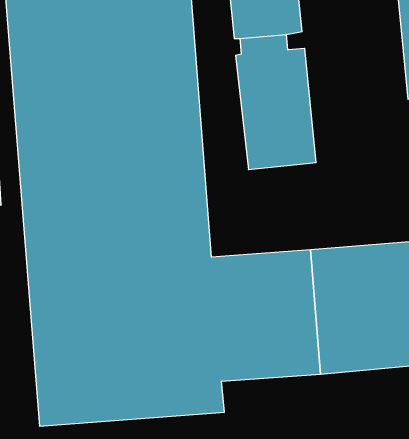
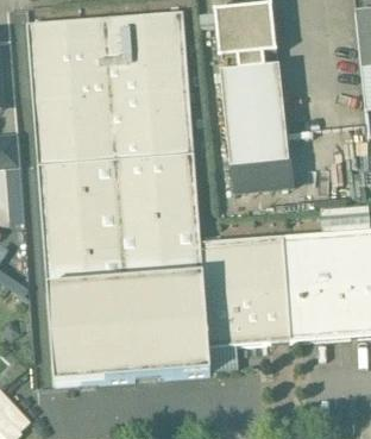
building: none -> [231,162,291,194]

